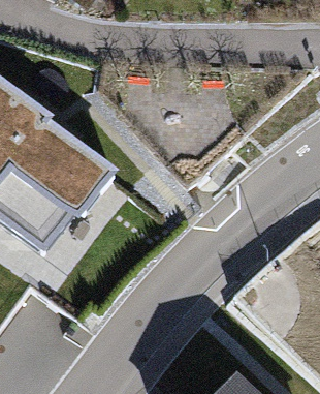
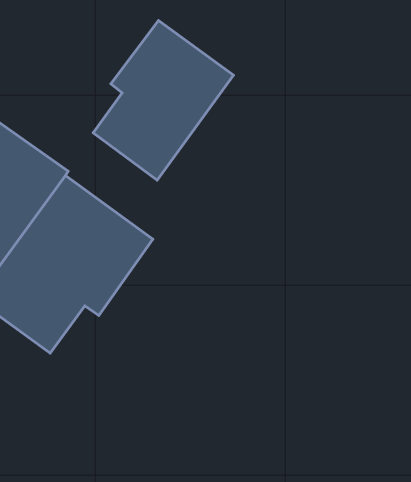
building: none -> [93,20,234,180]

